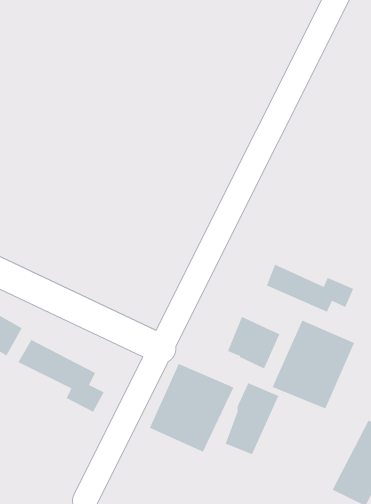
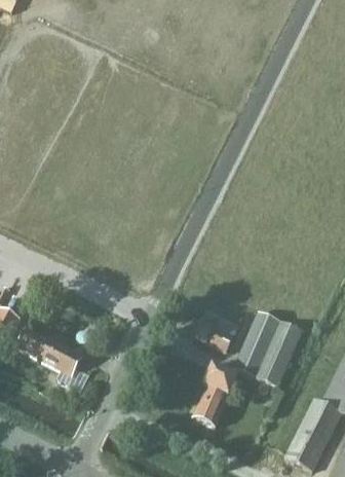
building: [266,264,354,313] -> none
building: [149,363,234,452] -> none

